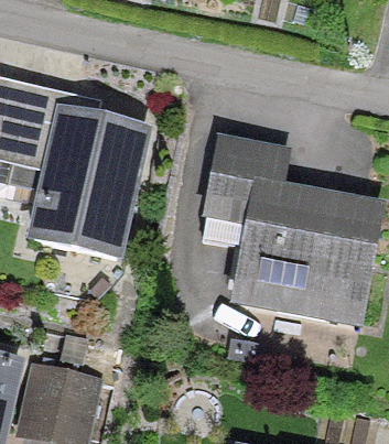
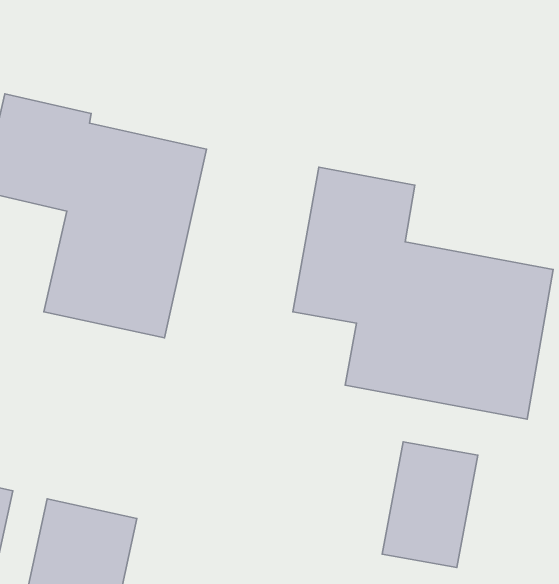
building: none -> [382,442,478,568]

